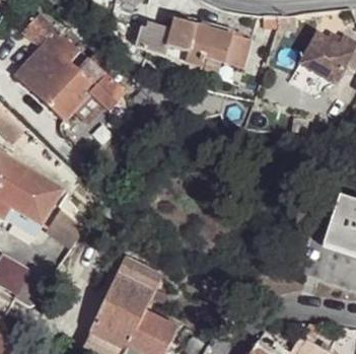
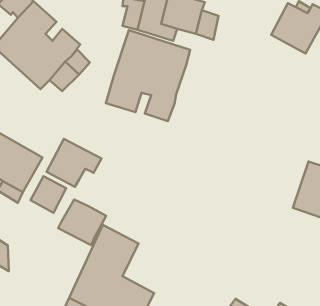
building: none -> [106,30,190,121]
building: none -> [47,139,102,187]
building: none -> [58,199,106,245]

